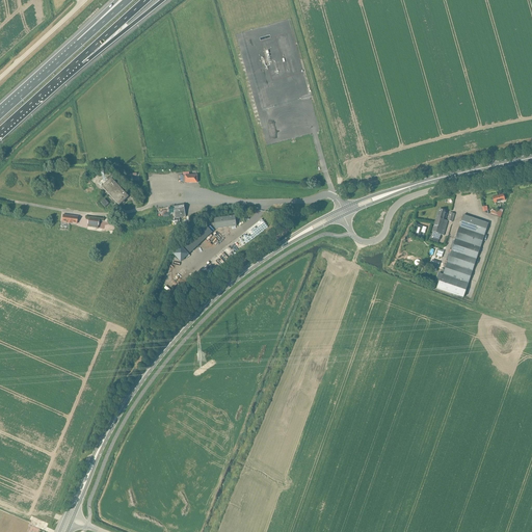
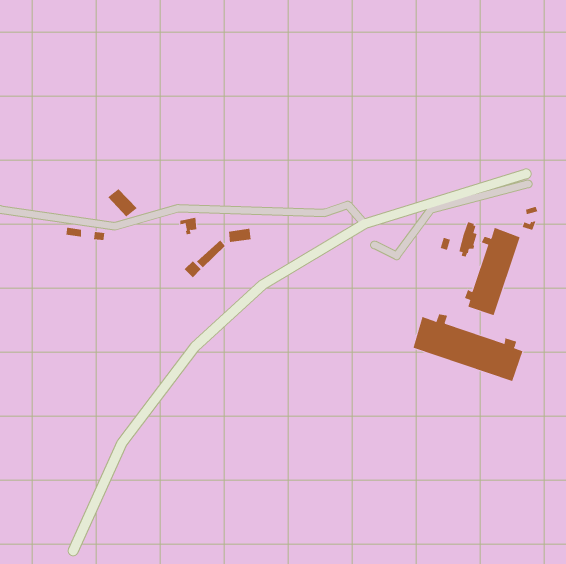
building: none -> [413,313,523,382]

